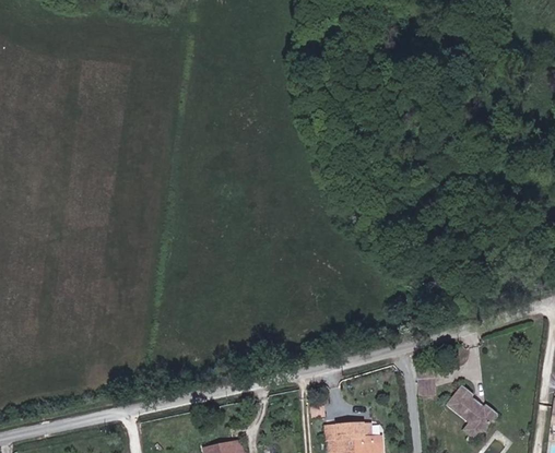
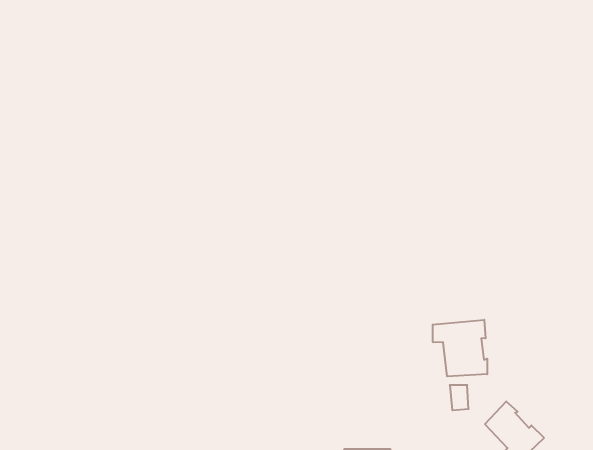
building: none -> [433,320,487,376]

